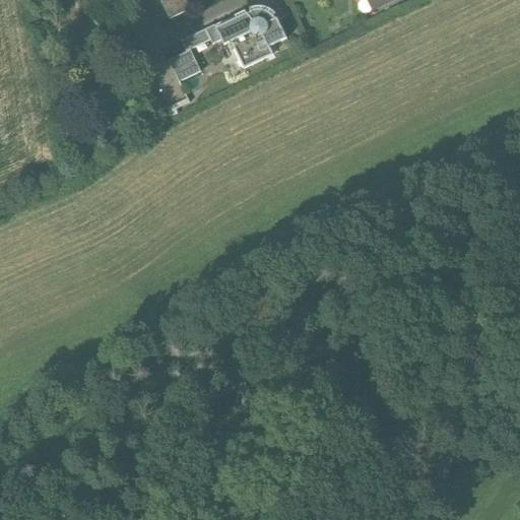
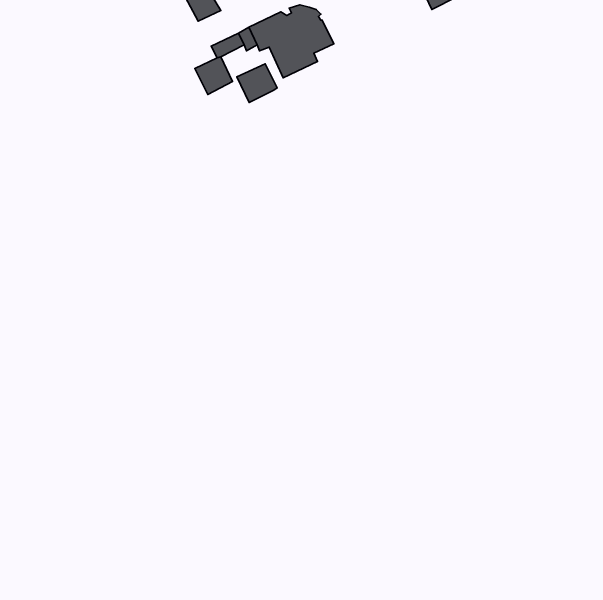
building: none -> [237,64,277,103]

